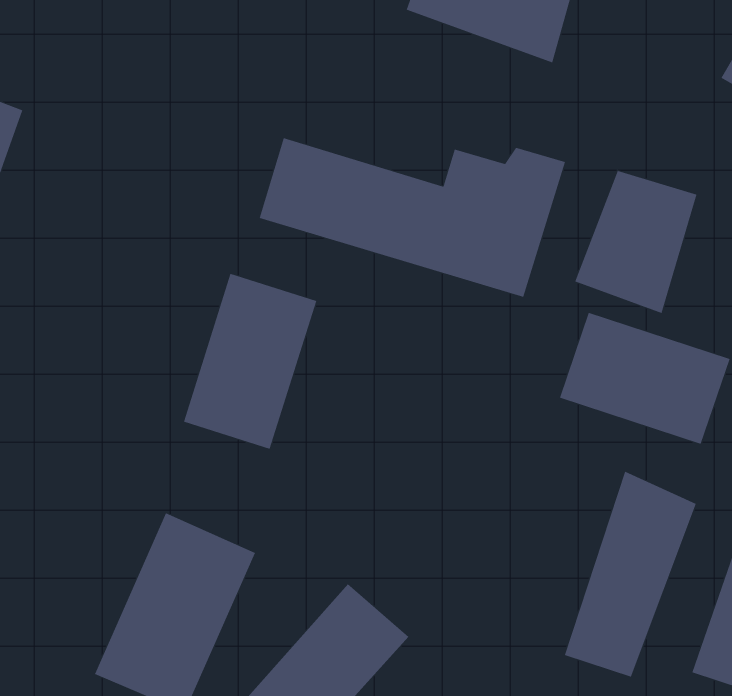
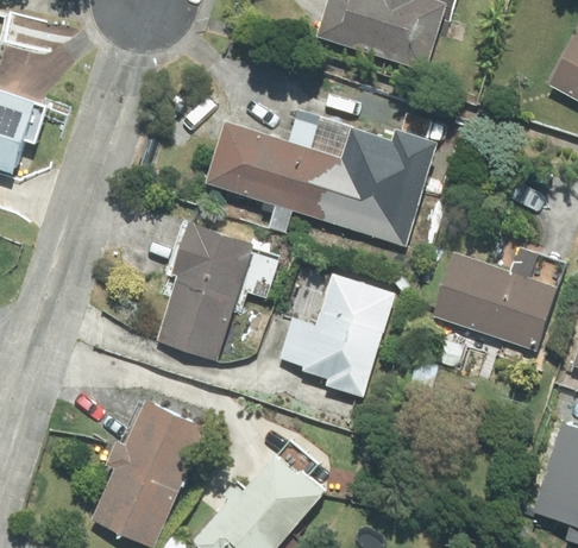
building: [575,170,697,314] -> none
building: none -> [282,278,396,392]
building: [564,471,696,678] -> none

